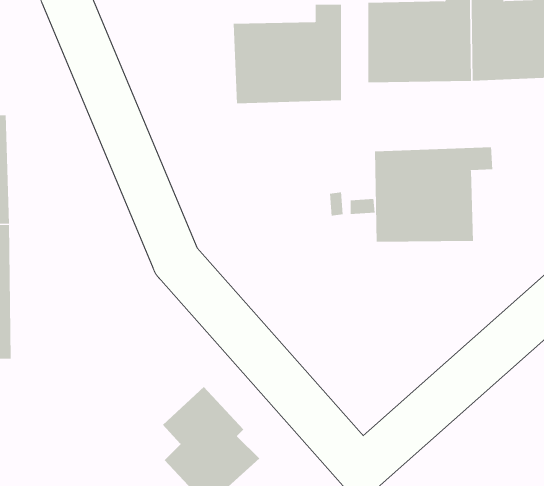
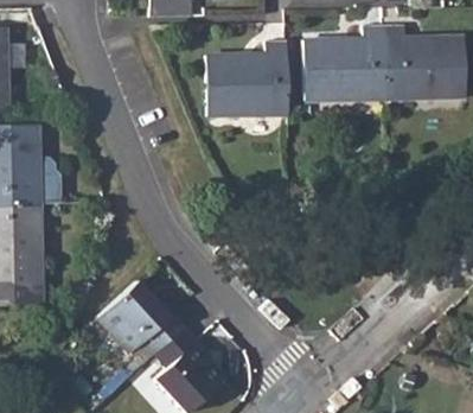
building: [375,146,493,242] -> none
building: none -> [97,281,185,352]

